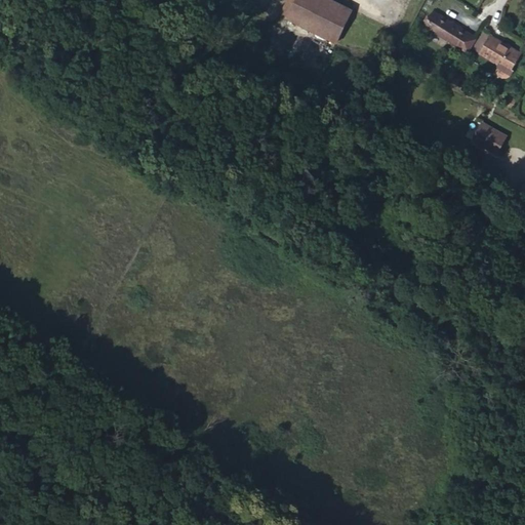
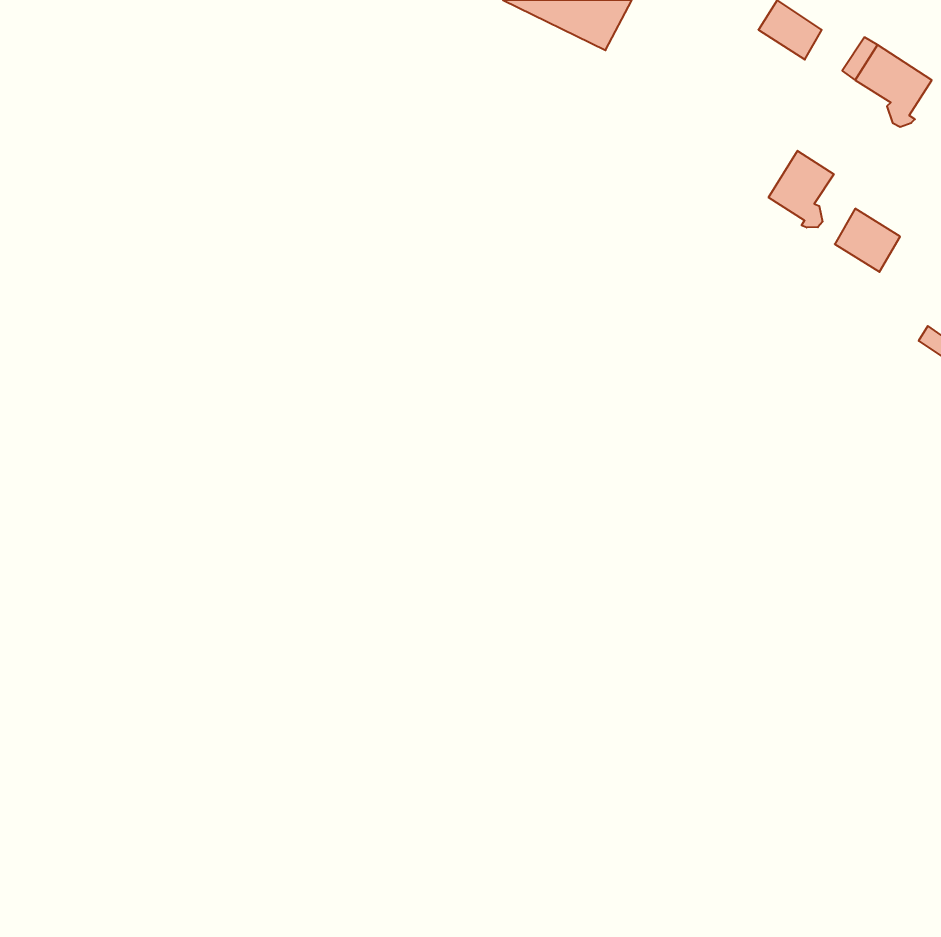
building: [449,25,476,51] -> none
building: none -> [769,151,834,228]

